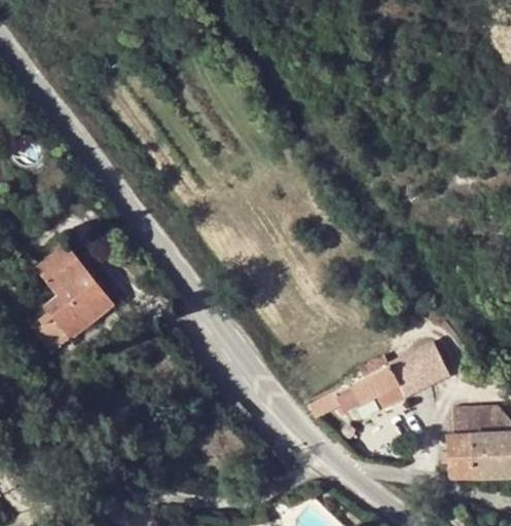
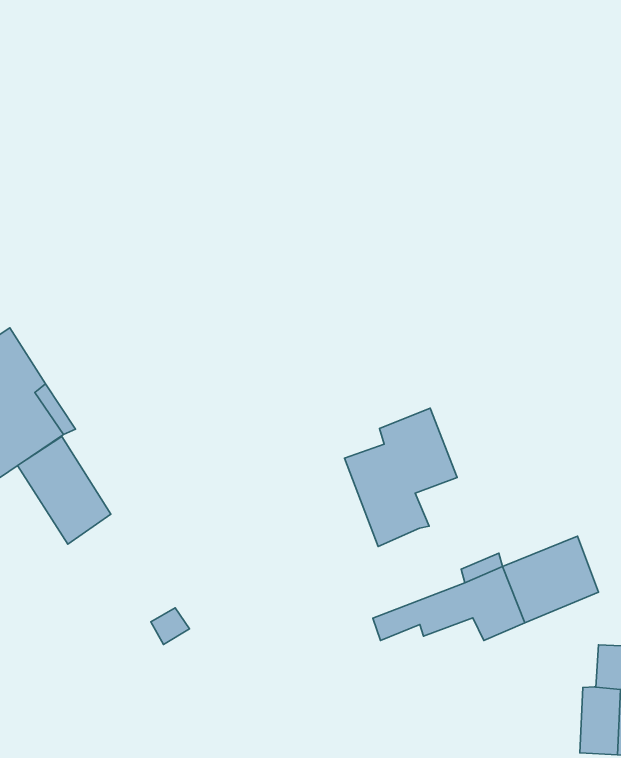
building: none -> [344,408,457,547]
building: none -> [18,437,111,544]

